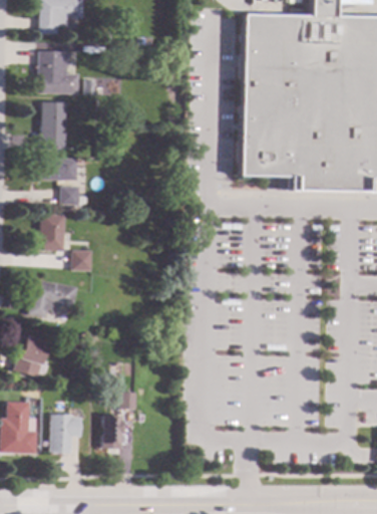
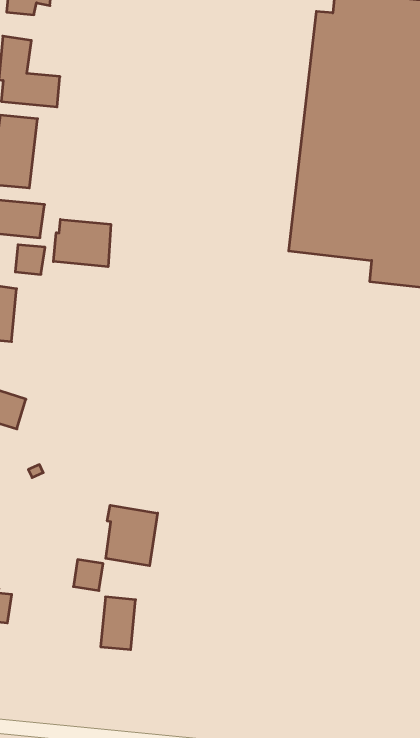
building: none -> [53,219,111,267]
building: [73,250,93,271] -> none
building: none -> [106,505,158,566]
building: [103,416,123,449] -> [101,597,136,650]

